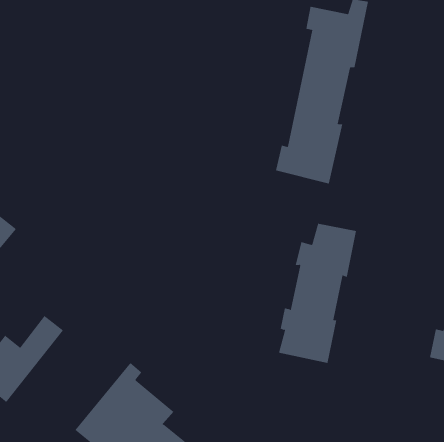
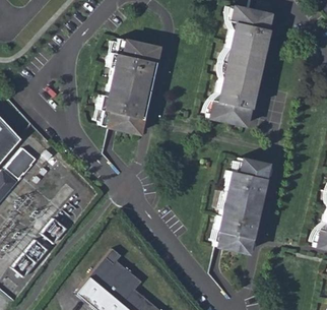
building: none -> [96,40,159,137]

